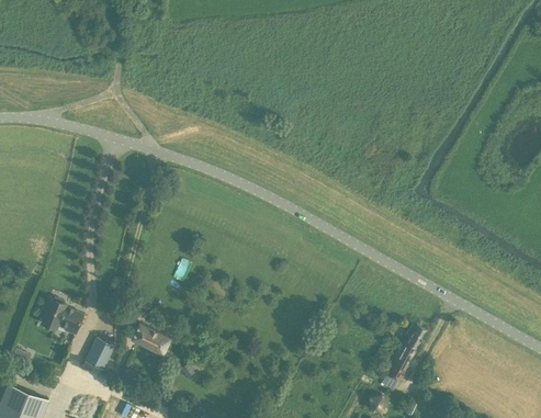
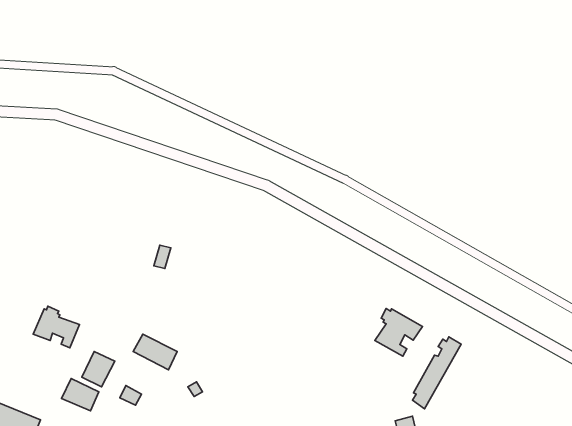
building: none -> [375,309,422,356]
building: none -> [62,379,99,411]

